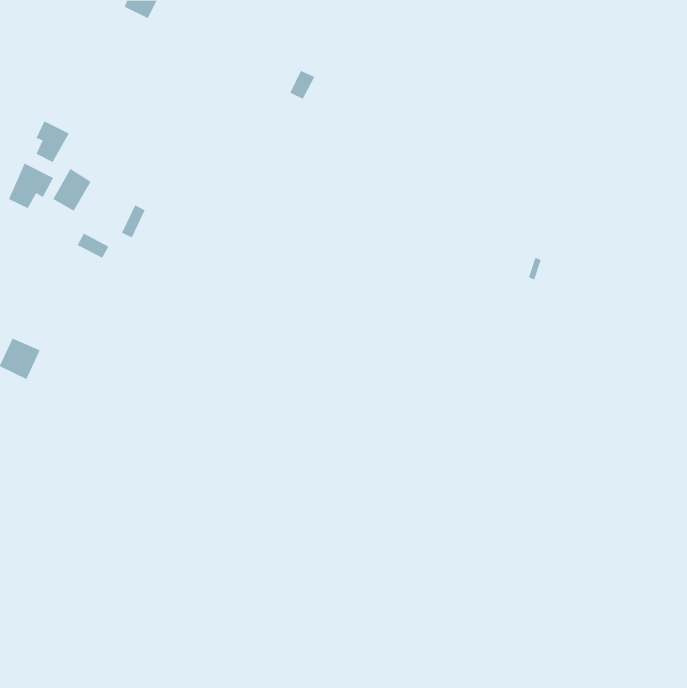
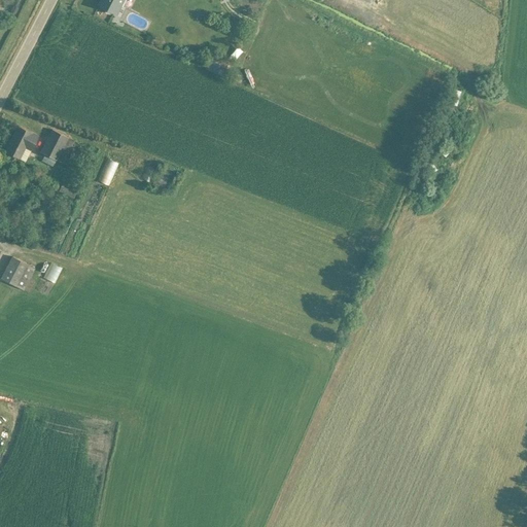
building: [36,120,69,163] -> none

